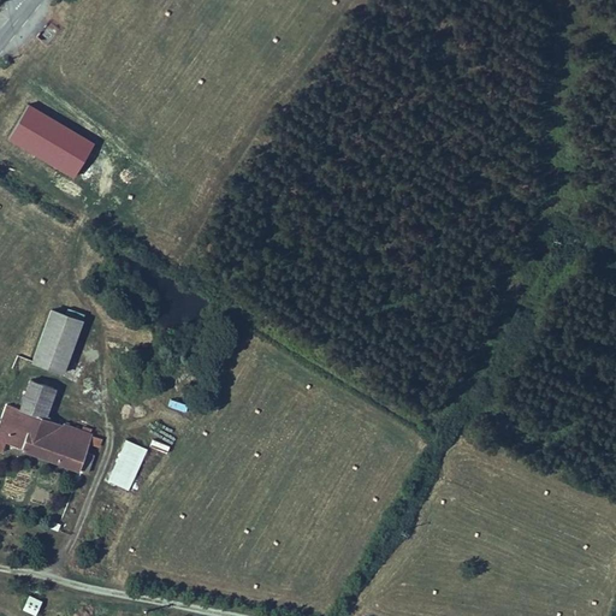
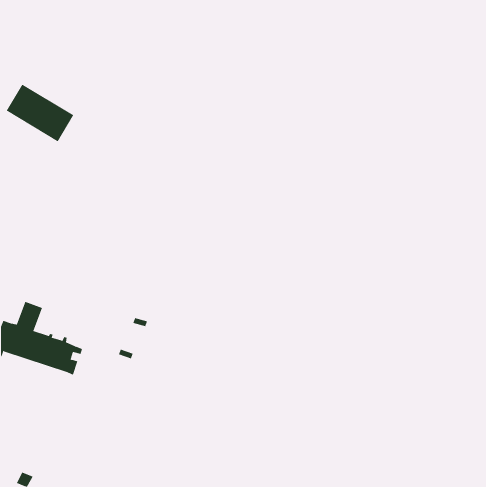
building: [34,310,83,373] -> none
building: [107,440,146,491] -> none

